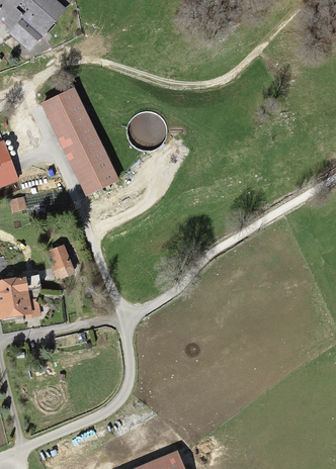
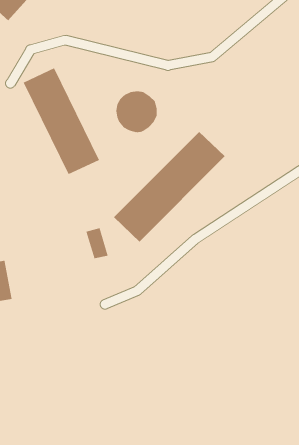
building: none -> [113,131,225,242]
building: [48,246,70,276] -> [85,227,109,259]

